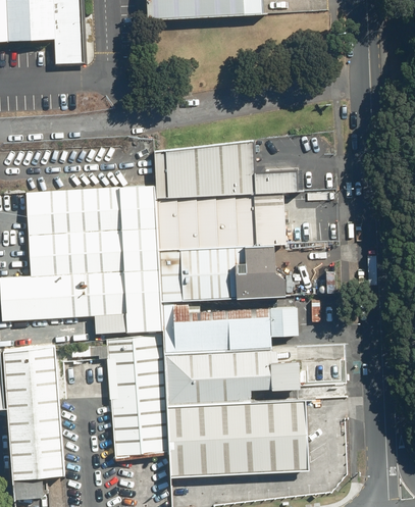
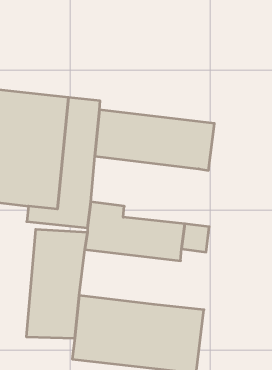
building: [152,140,298,197] -> none
building: [157,244,288,300] -> none
building: [163,349,301,406] -> none

